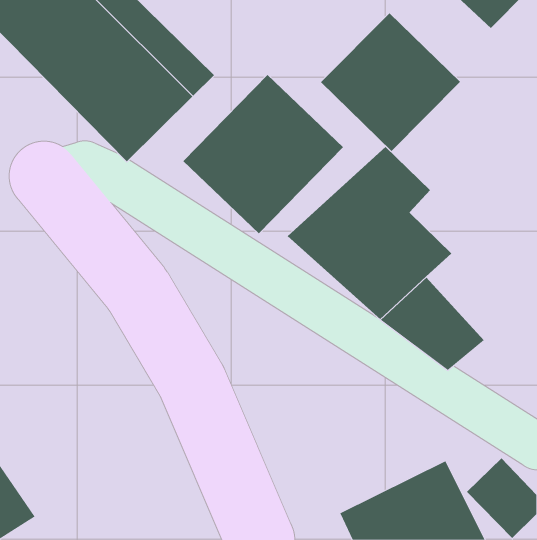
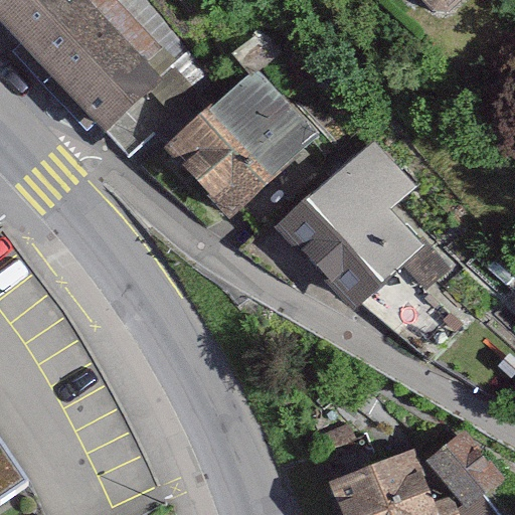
building: [320,12,461,152] -> none

